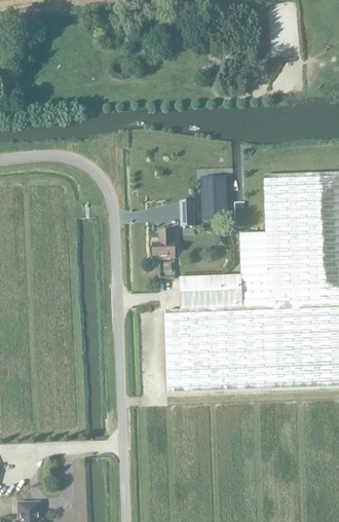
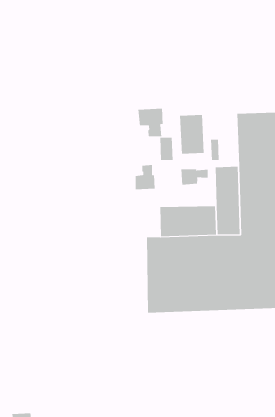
building: none -> [138,108,163,137]
building: none -> [181,168,208,186]

